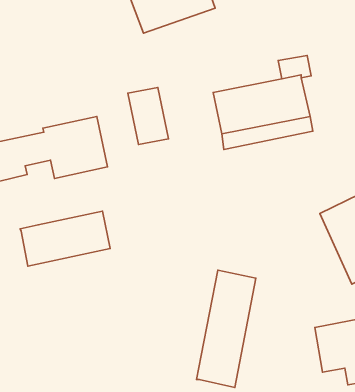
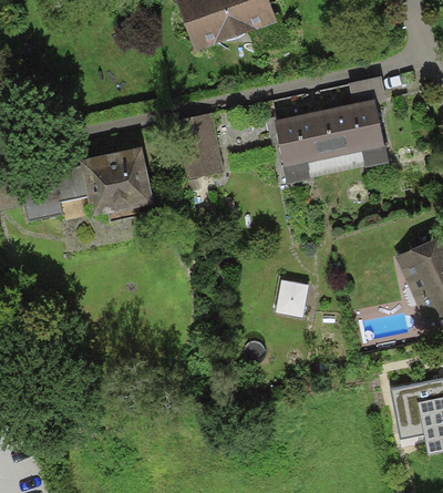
building: [20,211,110,266] -> none
building: none -> [276,278,309,317]
building: [197,270,256,388] -> none

